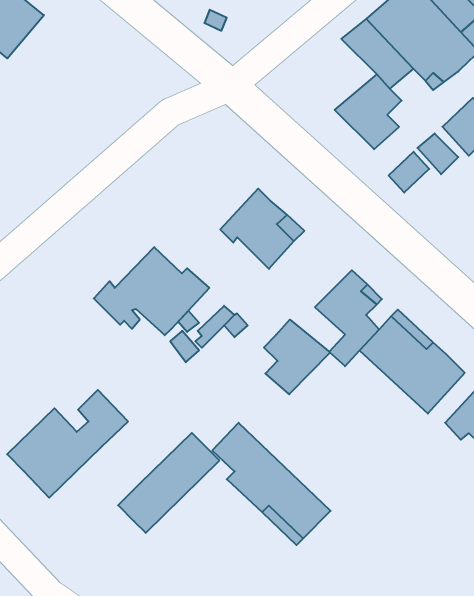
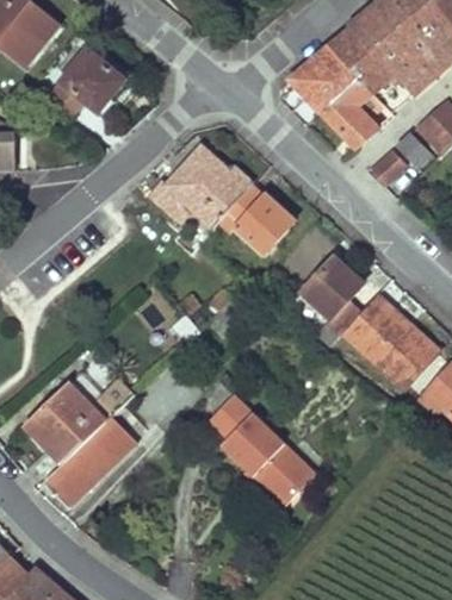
building: none -> [290,48,359,112]
building: none -> [49,51,124,115]
building: [94,247,209,335] -> [147,146,252,226]
building: [264,320,330,394] -> none
building: [118,433,219,533] -> [43,417,135,507]

